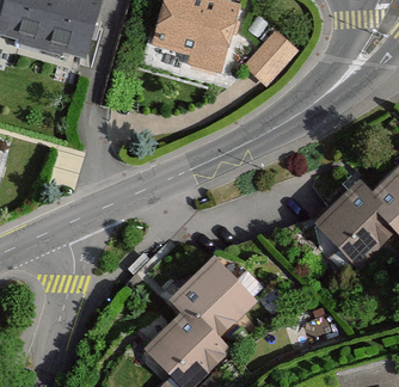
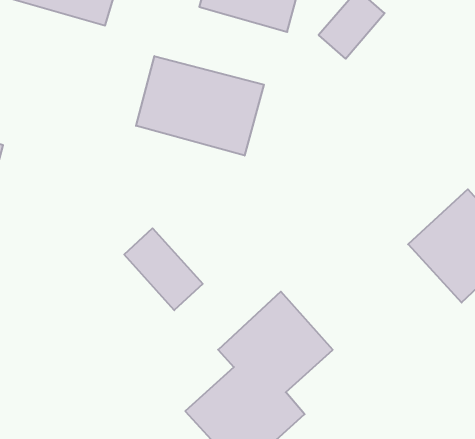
building: none -> [136,56,264,156]
building: none -> [124,228,203,310]

